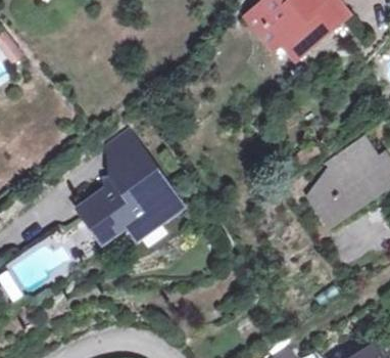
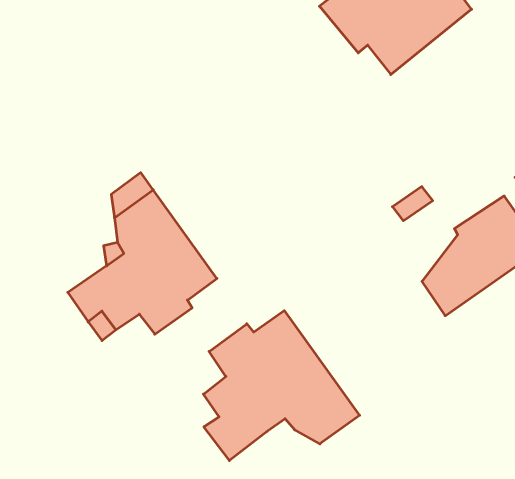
building: none -> [203,311,360,461]

